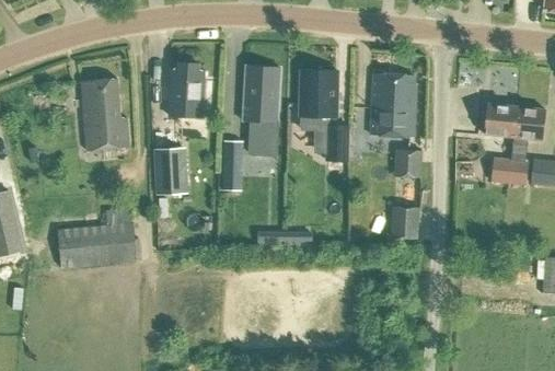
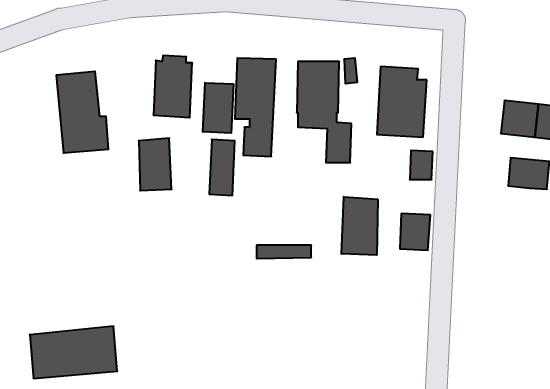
building: none -> [203,83,233,133]
building: none -> [341,197,378,255]
building: [57,220,136,267] -> [30,326,117,378]

